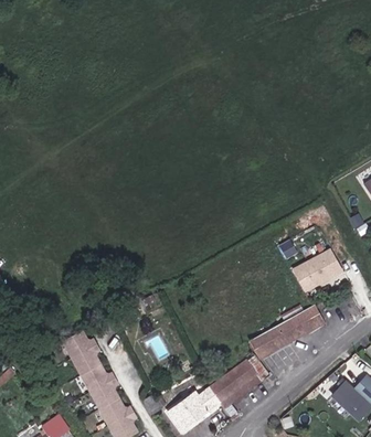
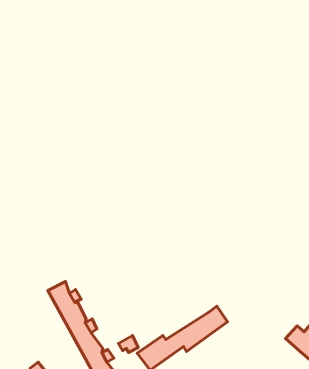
building: [295,251,340,289] -> none
building: [252,306,324,359] -> none

